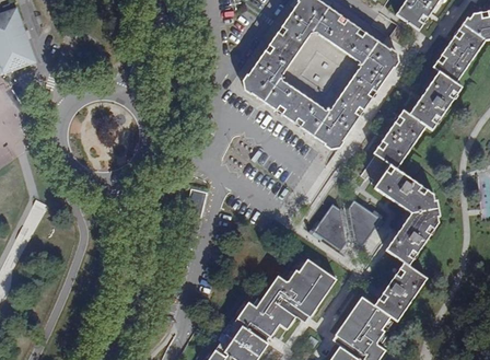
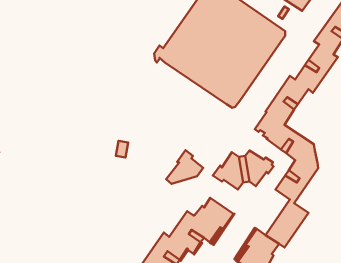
building: none -> [166,150,203,184]

